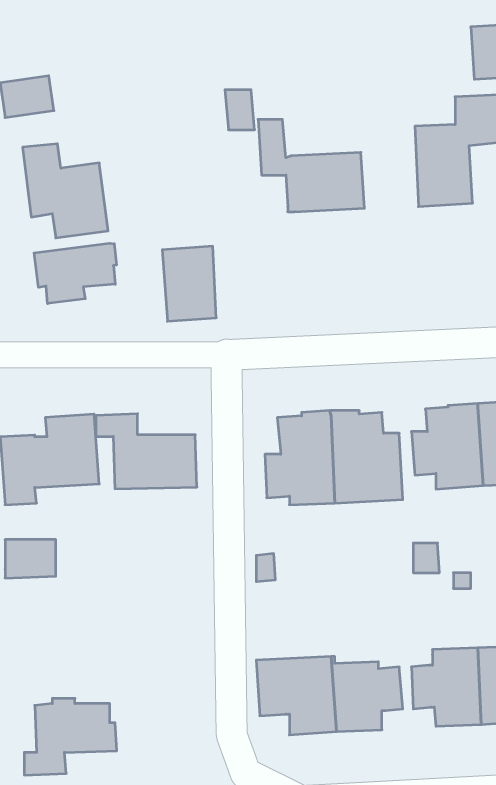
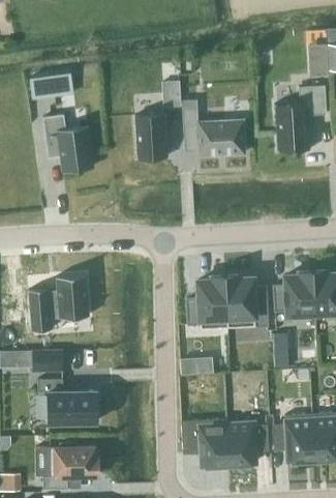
building: [34,243,116,304] -> none
building: [162,246,216,321] -> [134,115,166,159]
building: [96,414,197,489] -> [37,379,97,423]

